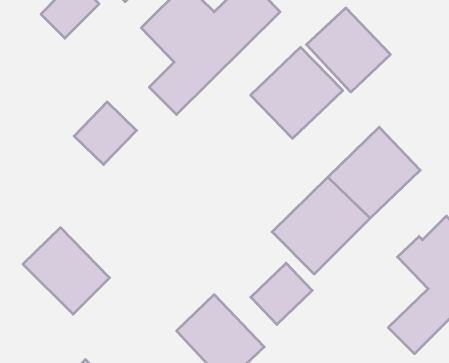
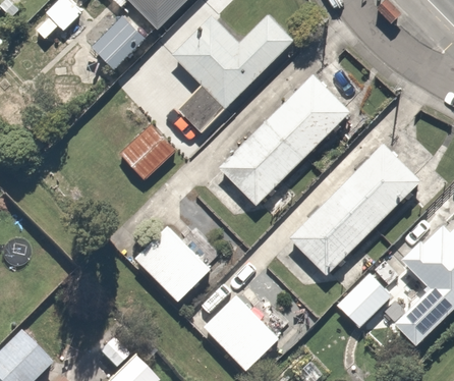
building: [306,8,390,92] -> none
building: none -> [218,115,307,206]
building: [23,228,110,314] -> [135,225,213,303]
building: [251,263,312,325] -> [328,271,383,326]

